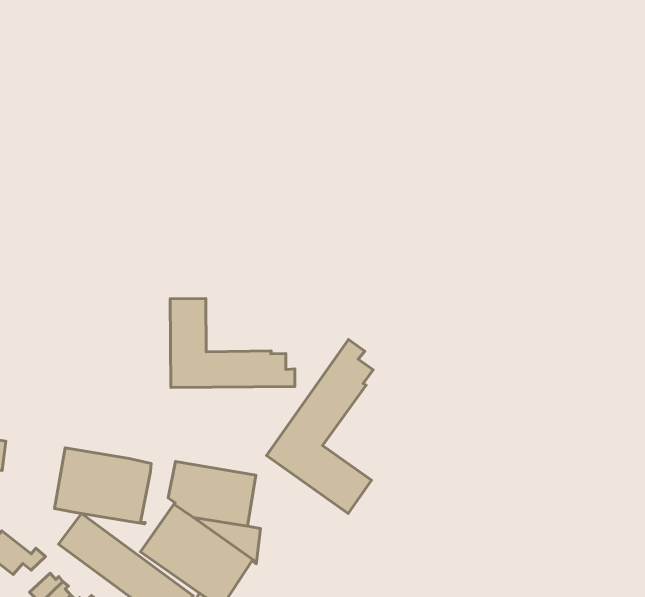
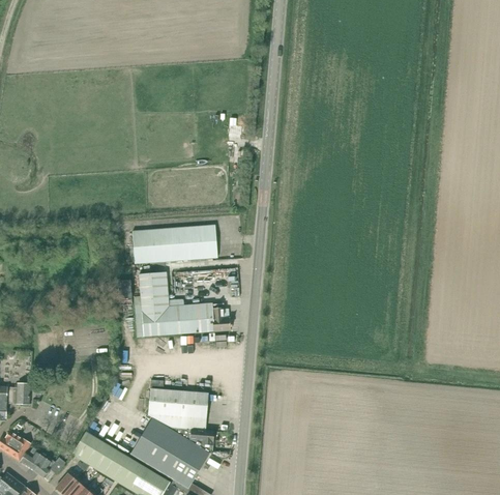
building: none -> [130,225,215,264]
building: [266,340,373,513] -> none
building: [55,448,151,524] -> none

